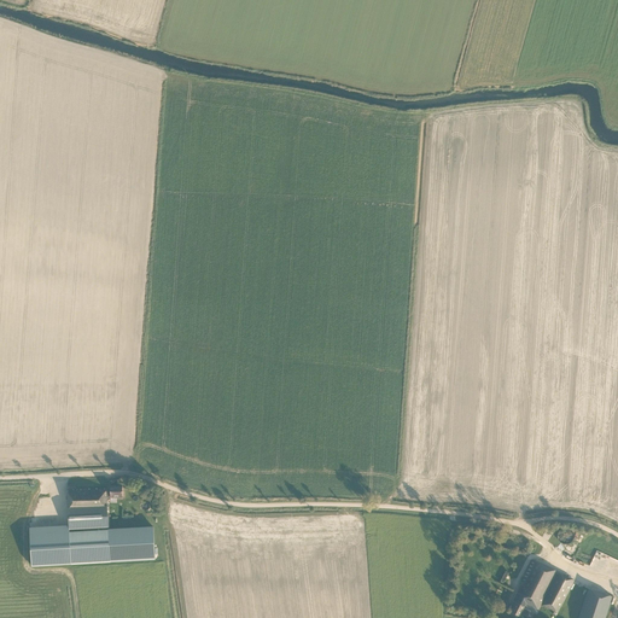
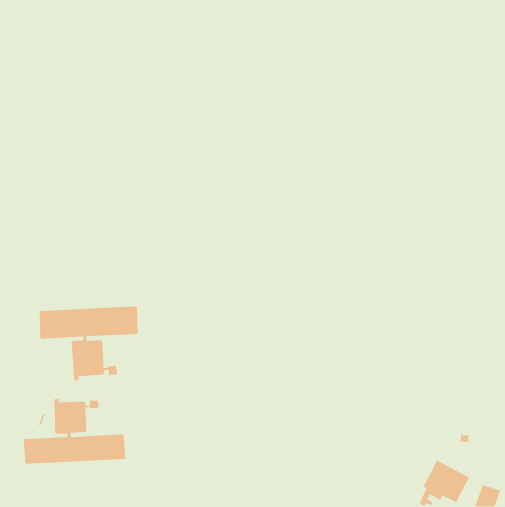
building: none -> [39,306,139,381]

